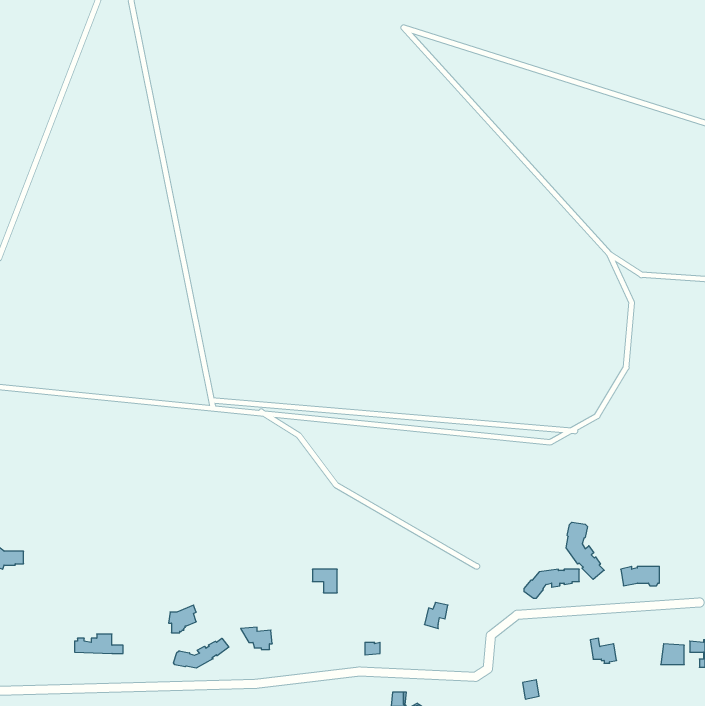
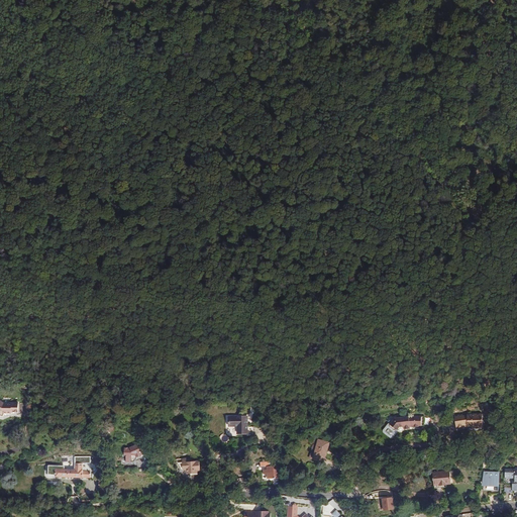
building: [566,522,604,579] -> none
building: [173,638,229,668] -> none

